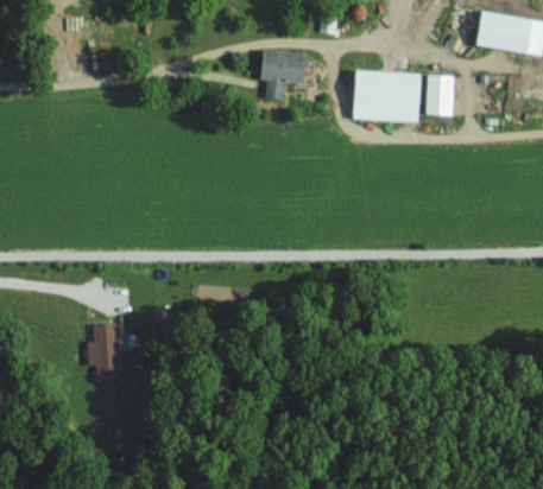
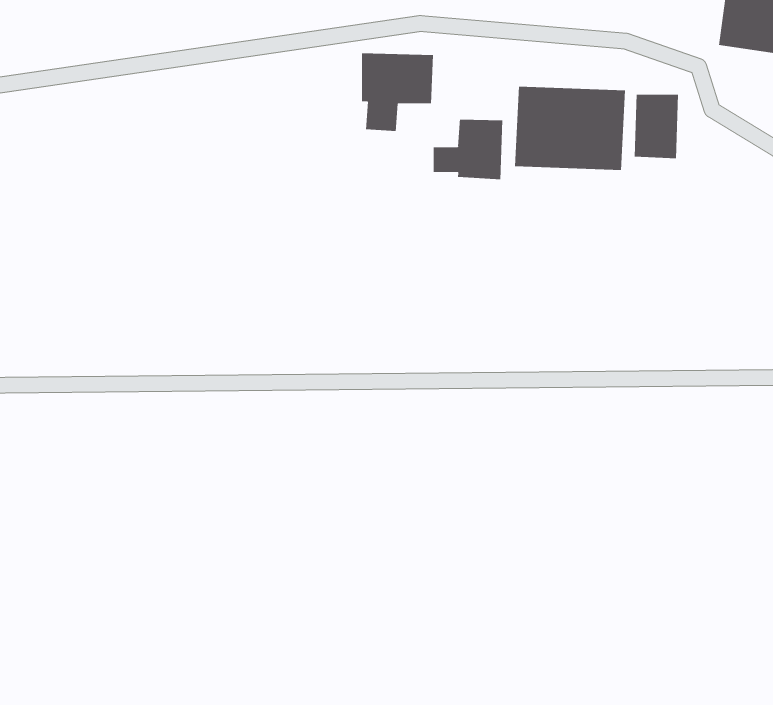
building: none -> [433,119,503,180]
building: [90,322,116,377] -> none

